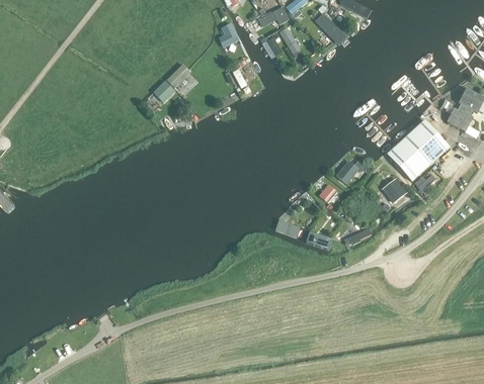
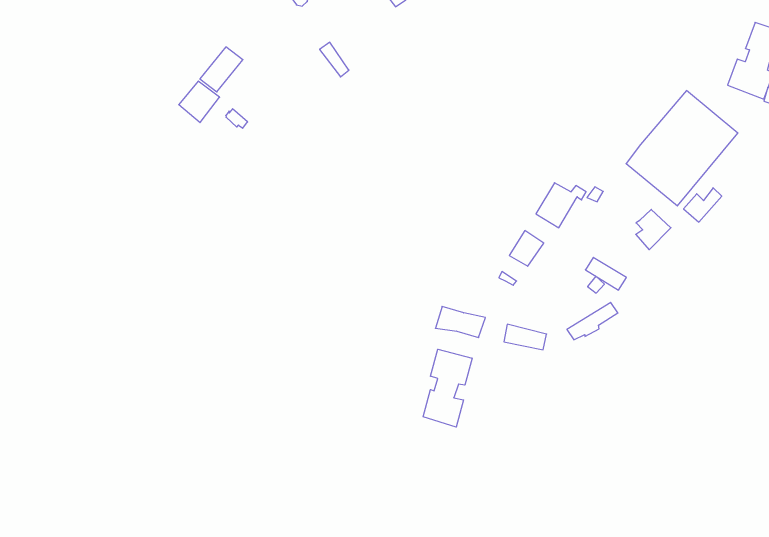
building: none -> [423,349,472,427]

